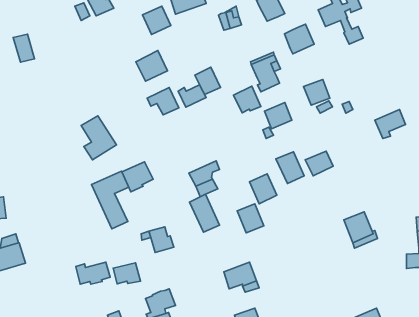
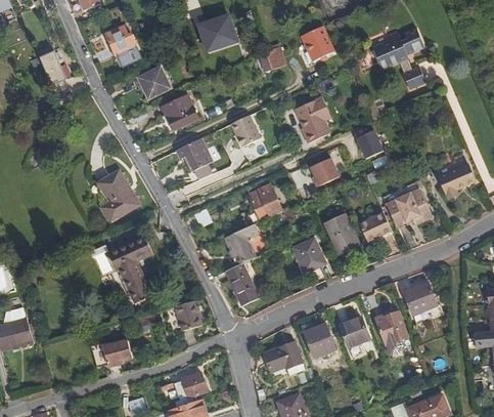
building: [143,6,171,34] -> [138,67,171,99]
building: [284,24,314,54] -> none
building: [13,34,34,62] -> [43,50,68,83]
building: [178,85,206,107] -> none
building: [233,86,261,113] -> [251,187,282,218]
building: none -> [383,181,432,225]
building: [122,162,153,192] -> none
building: [237,204,264,233] -> [304,324,334,358]
building: none -> [374,309,407,356]
building: none -> [339,317,369,347]
building: [113,263,140,284] -> none

